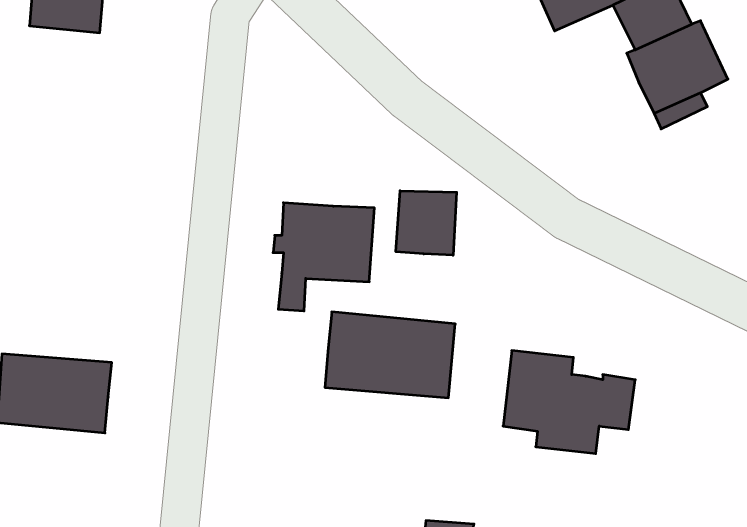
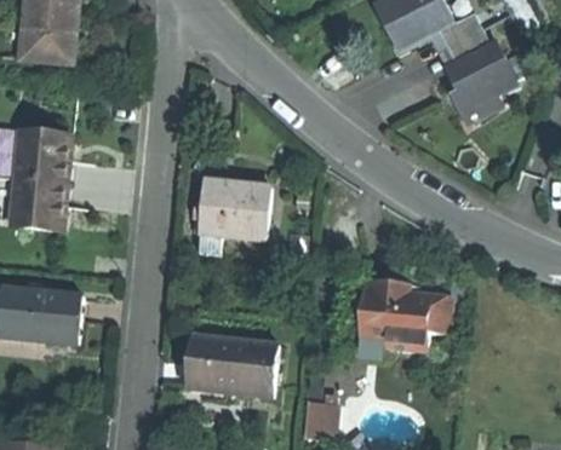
building: none -> [8,134,69,233]
building: [396,191,457,255] -> none
building: [325,312,455,398] -> [184,329,276,390]

